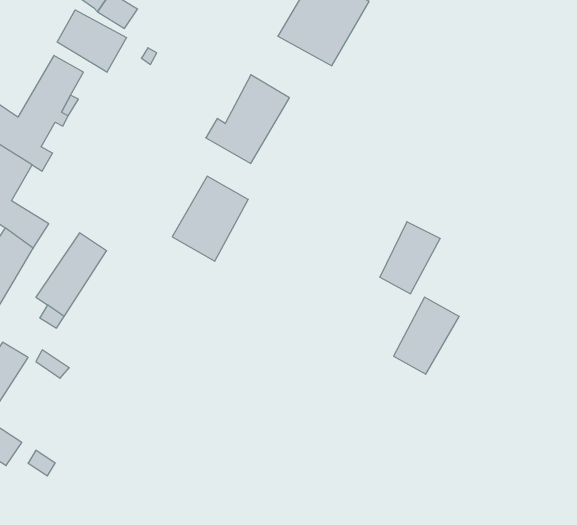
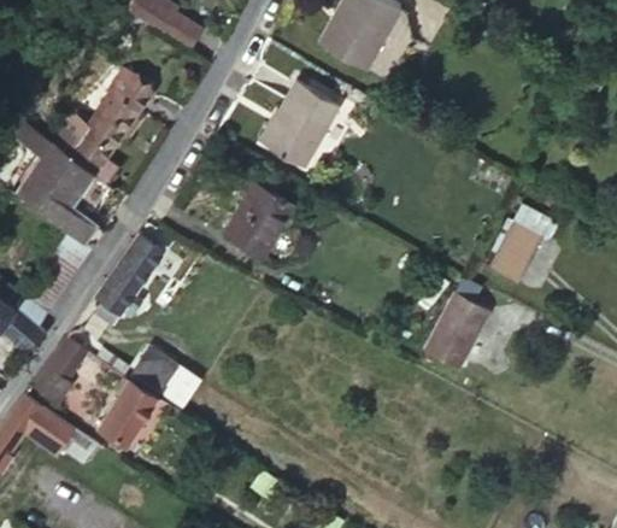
building: [57,10,127,72] -> none
building: [380,222,440,294] -> [493,215,550,282]
building: none -> [136,346,200,401]
building: none -> [98,377,160,446]

